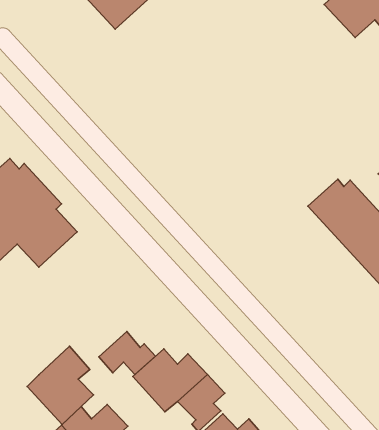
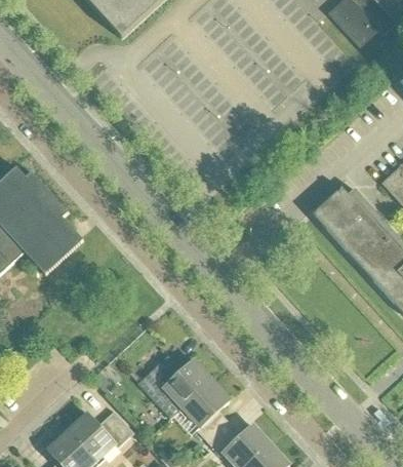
building: [99,332,155,375] -> none
building: [27,346,94,424] -> none

